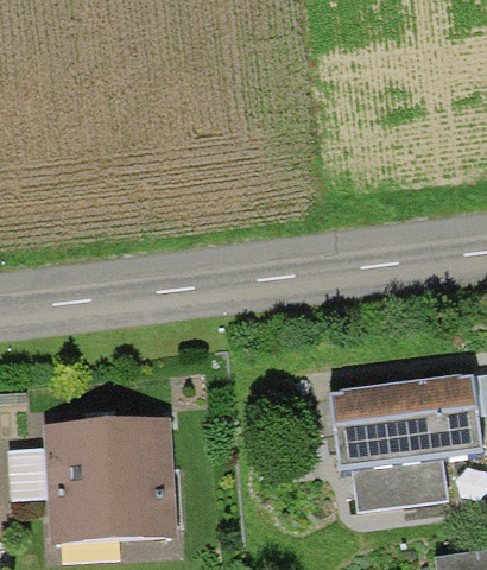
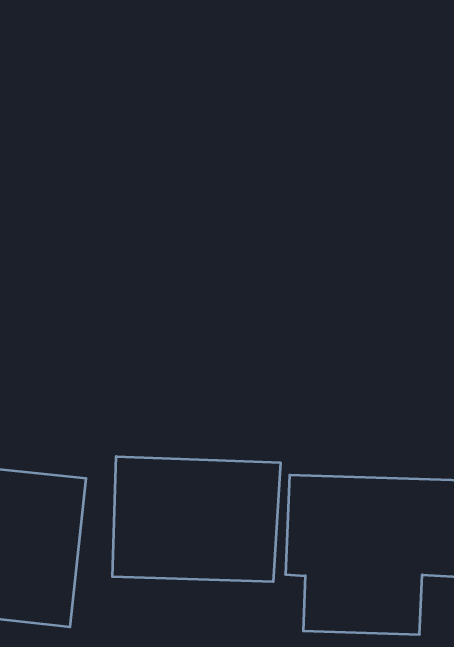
building: none -> [112,456,280,582]

